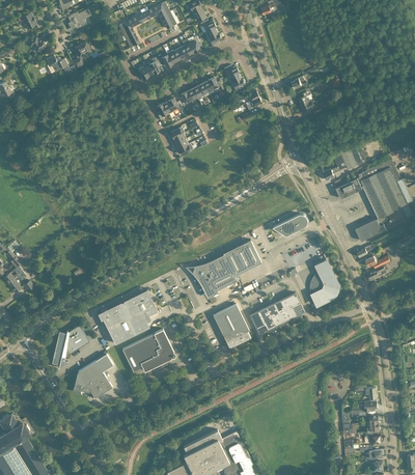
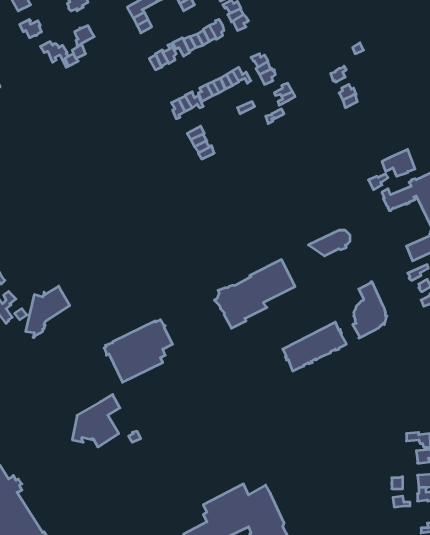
building: [213,304,250,348] -> none
building: [51,325,88,368] -> [26,286,70,337]
building: [121,329,175,371] -> none

